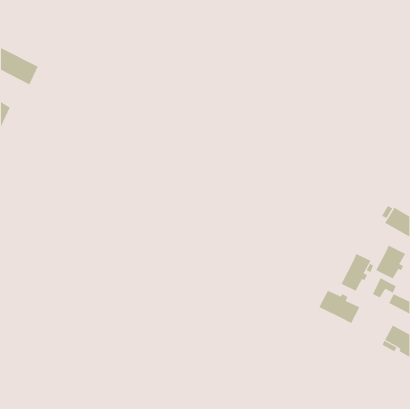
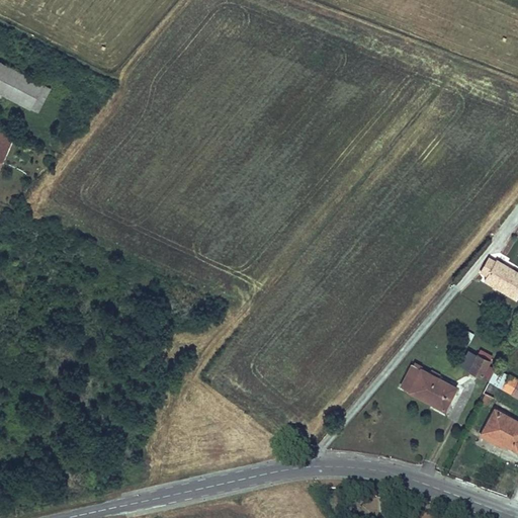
building: [376,245,406,279] -> none
building: [341,253,371,291] -> none

